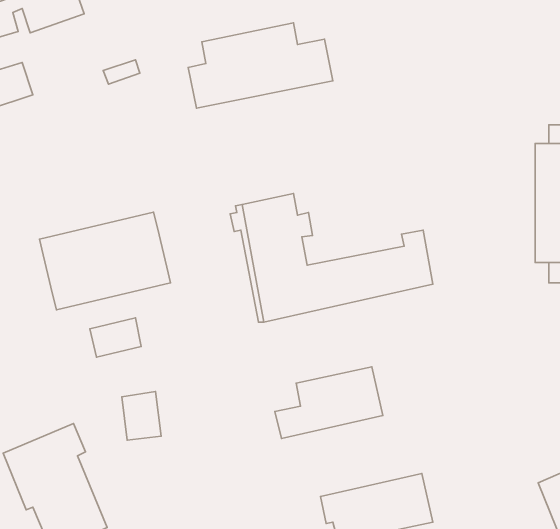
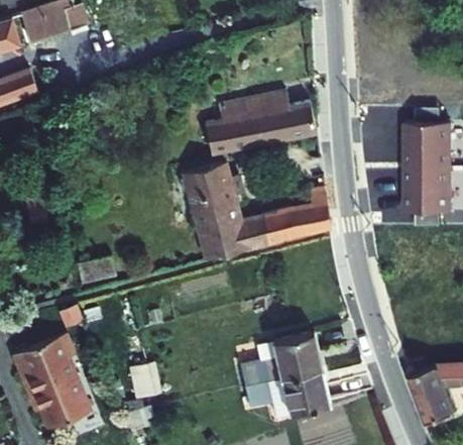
building: [188,23,333,108] -> [206,89,314,152]
building: [40,212,170,310] -> none
building: [275,367,383,438] -> [242,335,323,388]
building: [122,391,161,440] -> [131,359,160,396]

